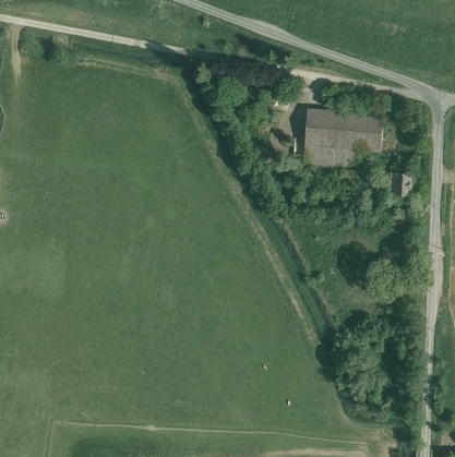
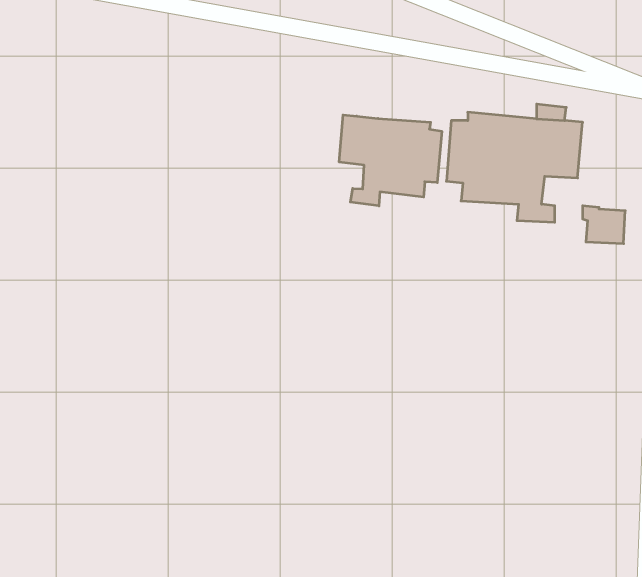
building: none -> [339,115,442,206]

